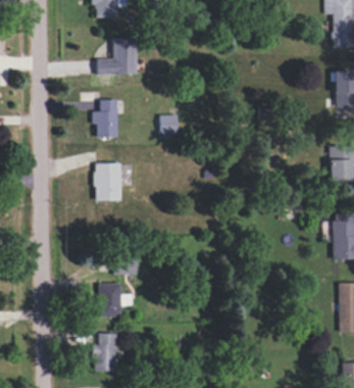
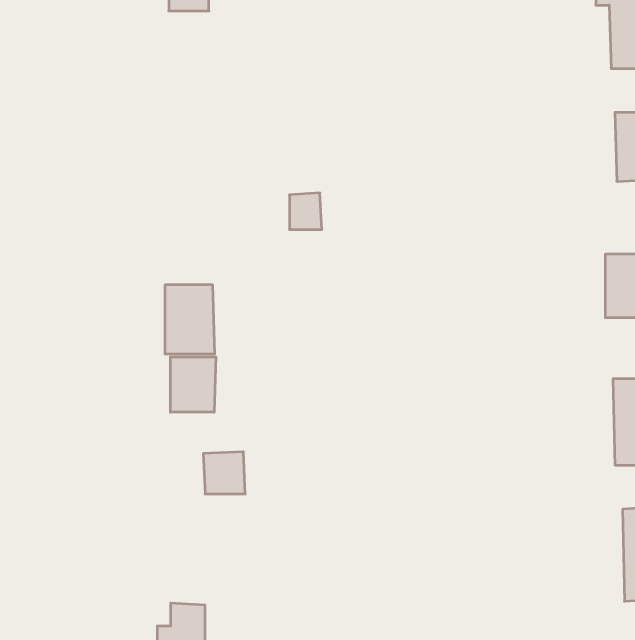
building: [97,38,137,75] -> none
building: [93,99,118,137] -> none
building: none -> [170,357,216,412]
building: [98,283,129,318] -> none

